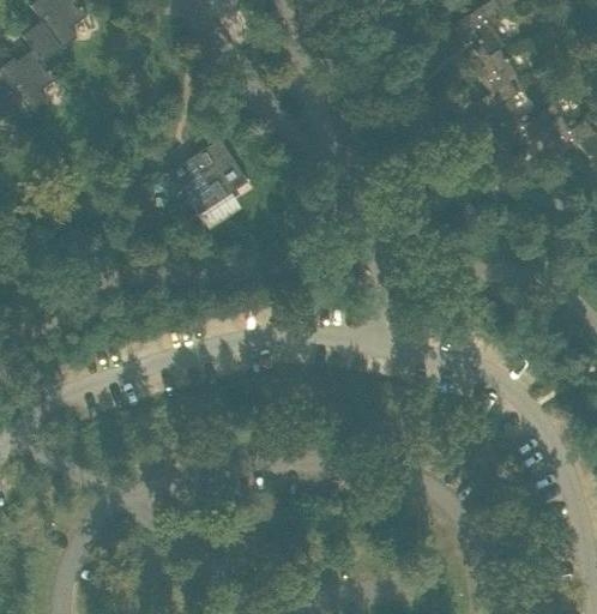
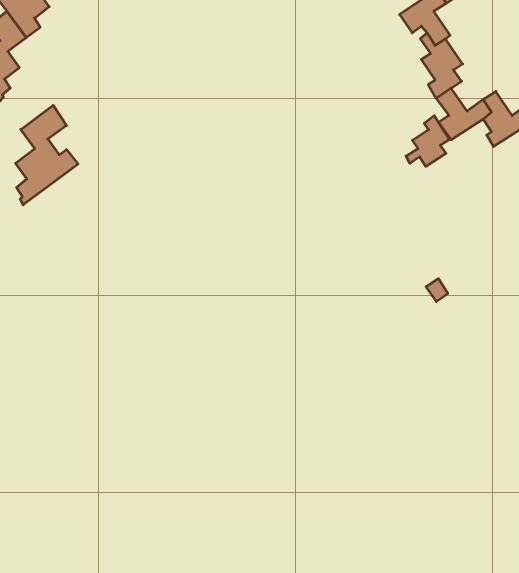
building: none -> [16,105,78,205]
building: none -> [406,116,449,166]
building: [170,137,249,215] -> none

